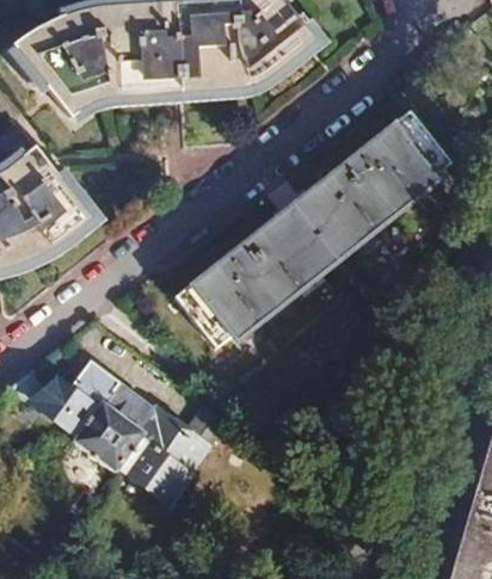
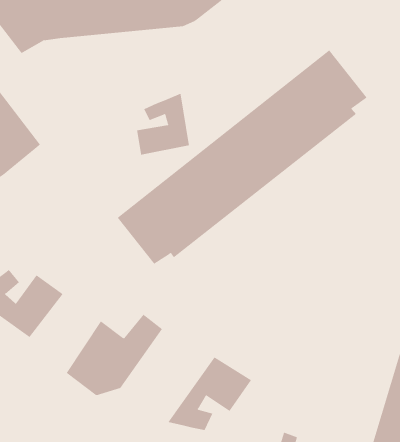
building: none -> [137,93,189,156]
building: [78,378,159,464] -> none
building: none -> [168,356,252,431]

